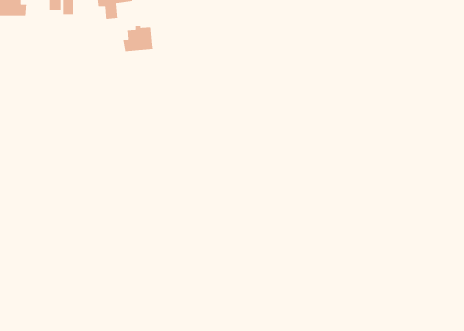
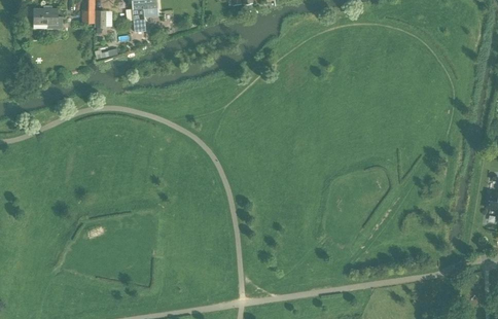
building: [123,25,153,52] -> none

